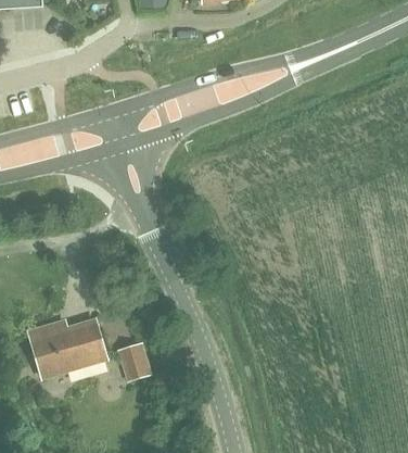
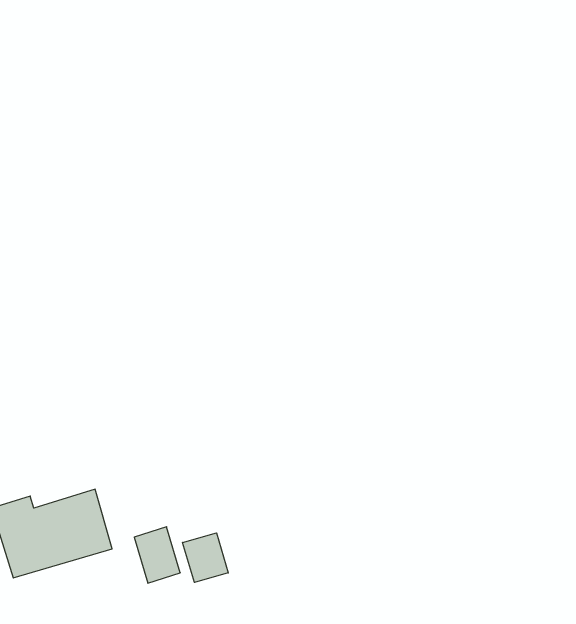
building: none -> [183,533,228,582]

